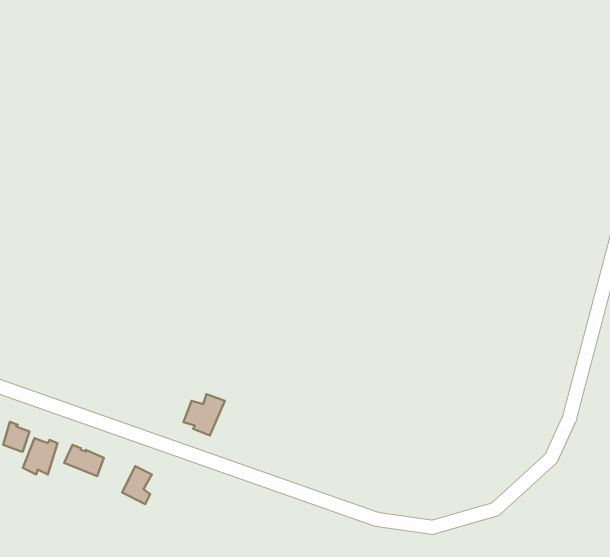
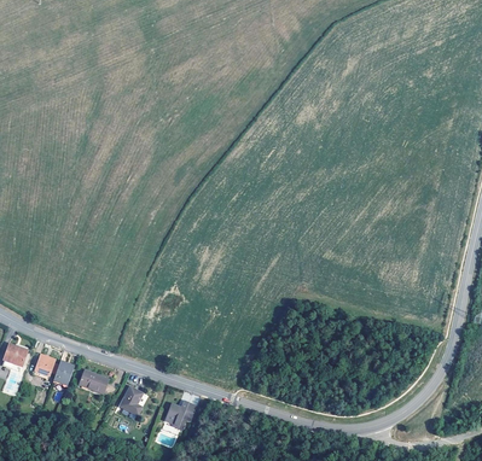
building: [183,394,225,435] -> [167,399,197,430]

